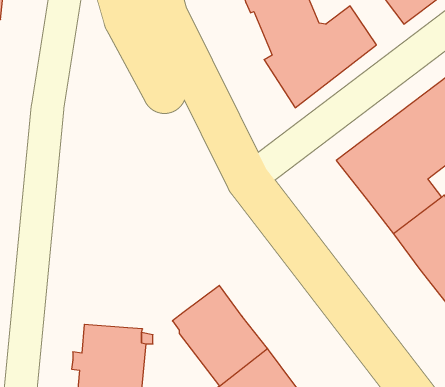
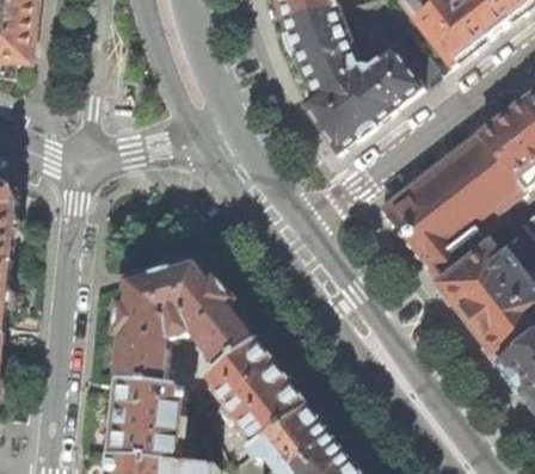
building: none -> [109,259,257,381]

